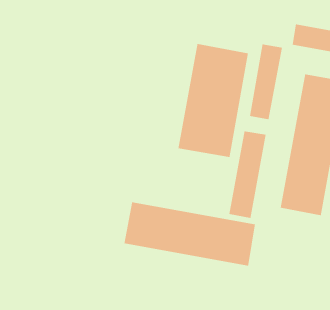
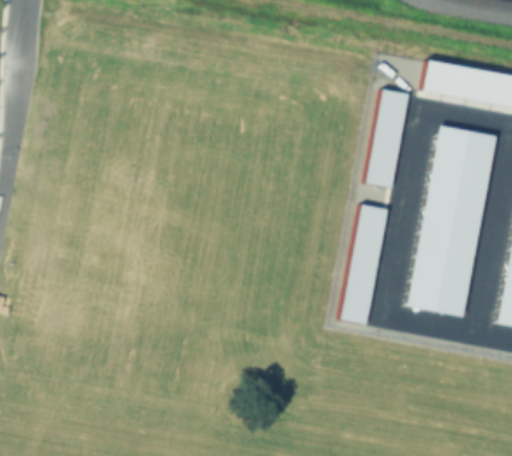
building: [178,43,249,158] -> none
building: [124,201,256,267] -> none

